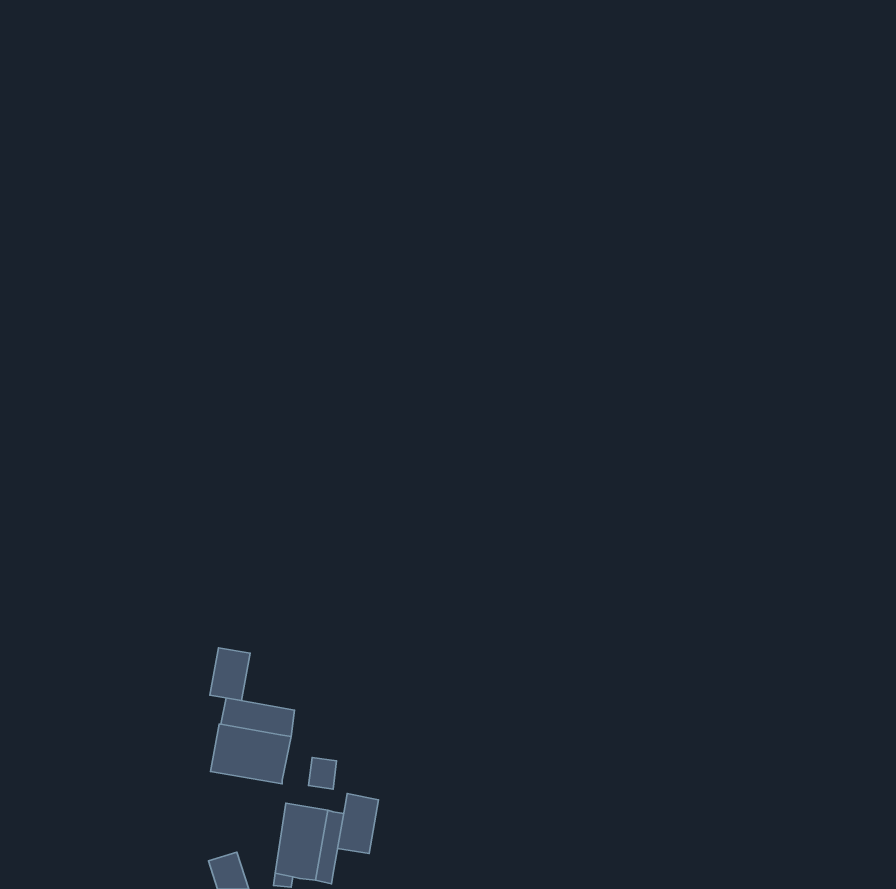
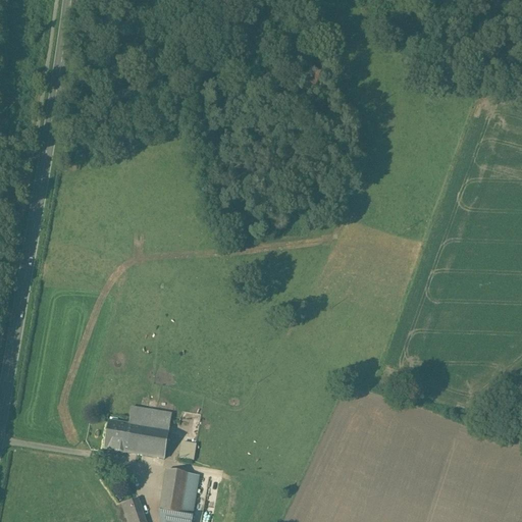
building: [210,648,250,700] -> [104,418,127,449]
building: [338,794,378,854] -> none

